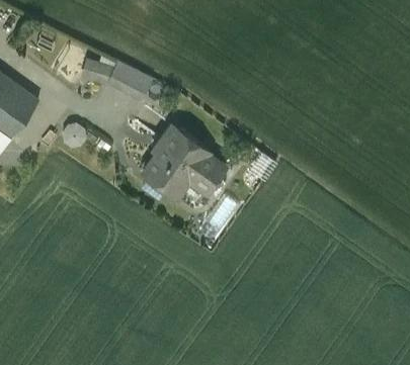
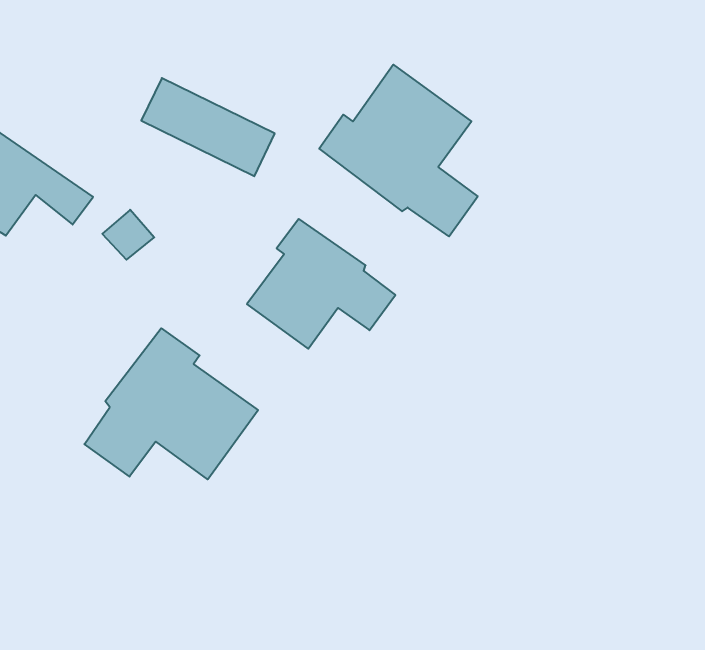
building: none -> [319,65,478,236]
building: none -> [84,328,258,479]

